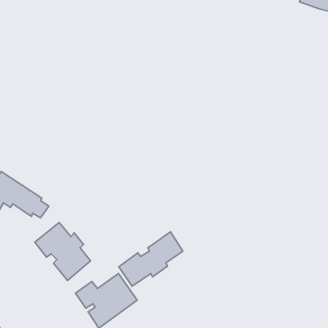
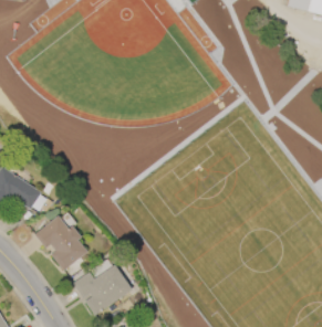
building: [119,232,183,286] -> none

